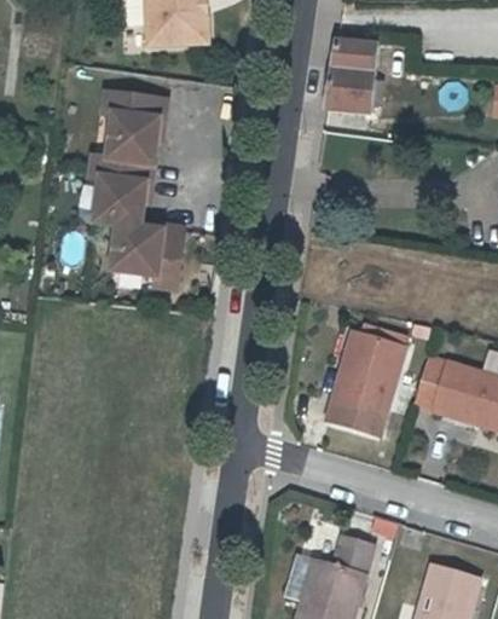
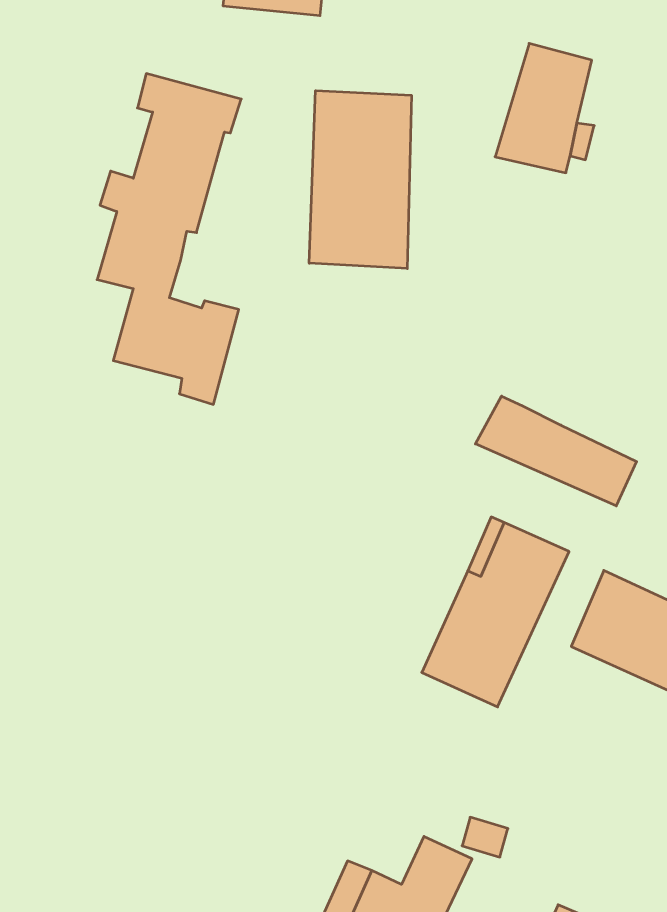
building: none -> [309,91,411,269]
building: none -> [475,396,637,506]

